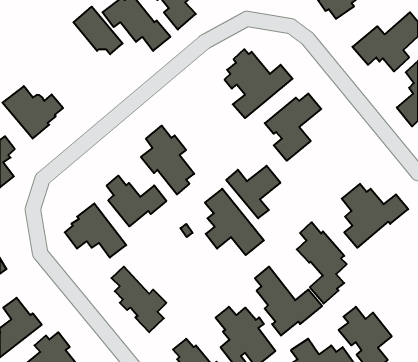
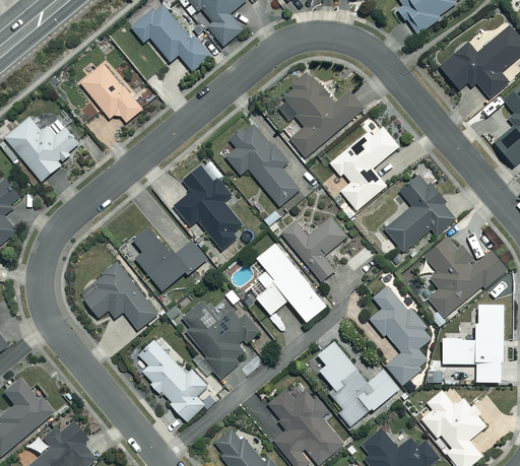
building: [73,7,123,54] -> [80,63,141,122]
building: none -> [225,124,300,206]
building: none -> [383,175,455,252]
building: none -> [183,302,259,378]
building: none -> [442,303,503,383]

